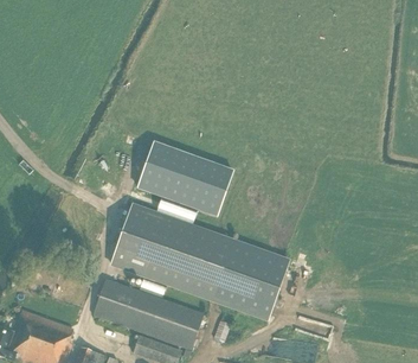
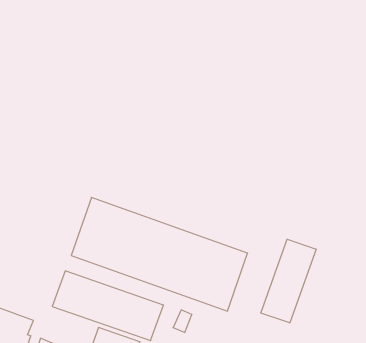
building: [137,144,233,216] -> none
building: none -> [261,239,316,323]

